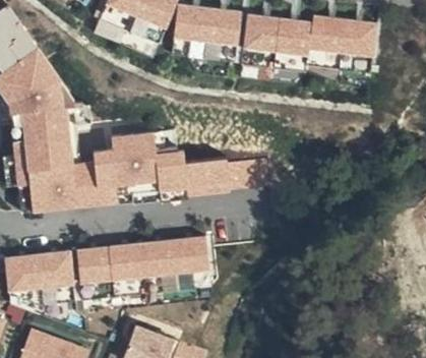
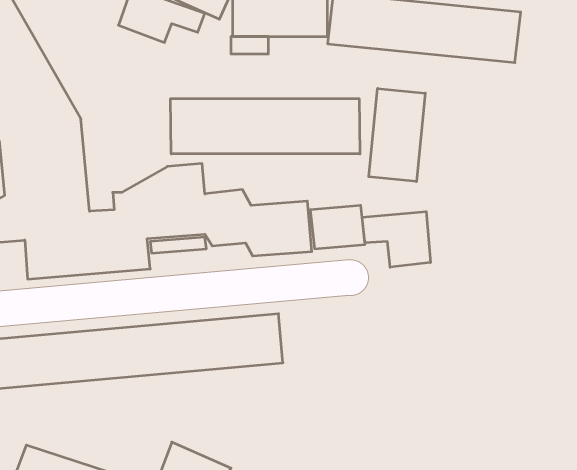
building: none -> [369,88,425,182]
building: none -> [171,99,360,154]
building: none -> [362,212,430,267]

